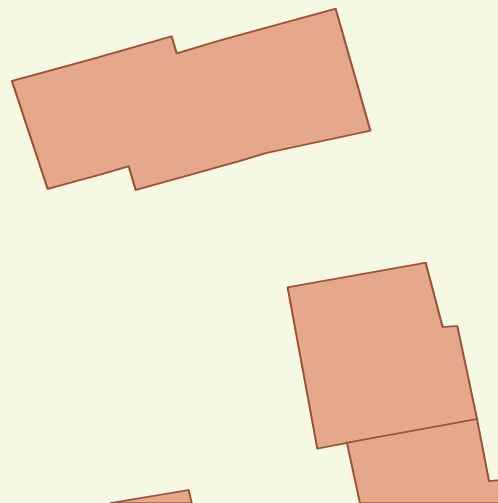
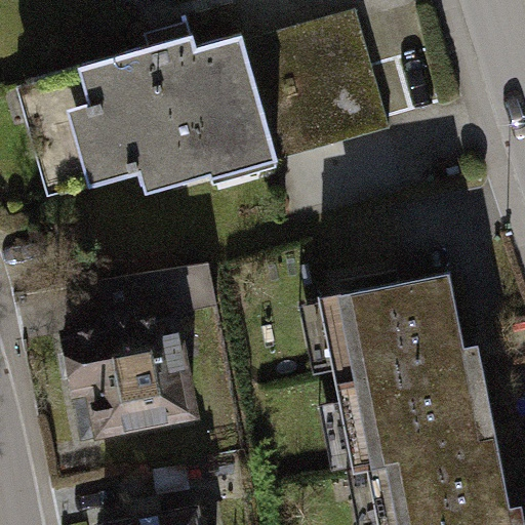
building: none -> [55,308,202,448]

